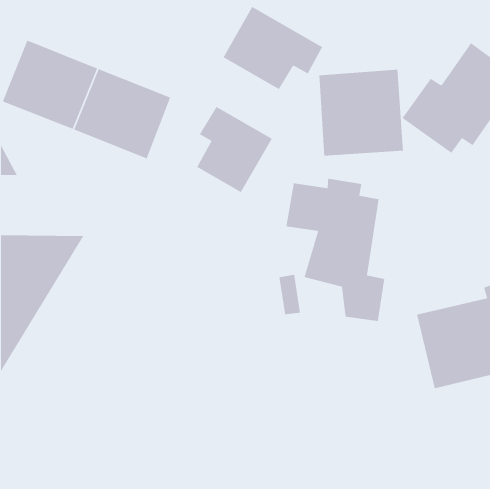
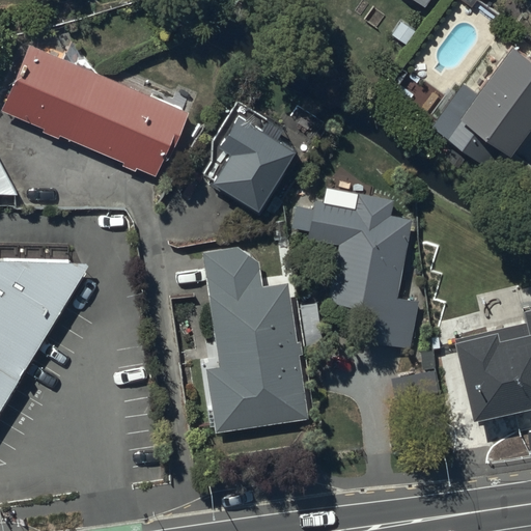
building: [222,6,323,90] -> none
building: [319,69,404,157] -> none
building: none -> [201,247,307,435]

